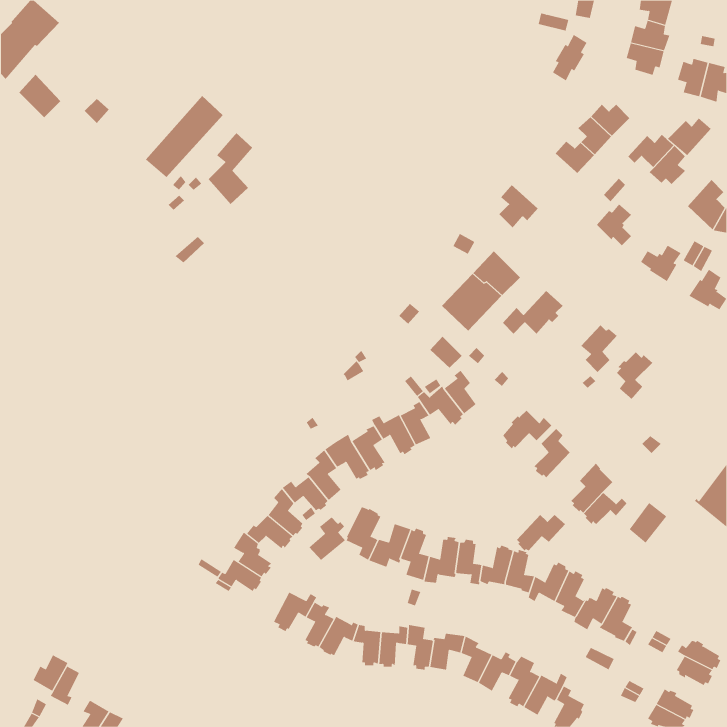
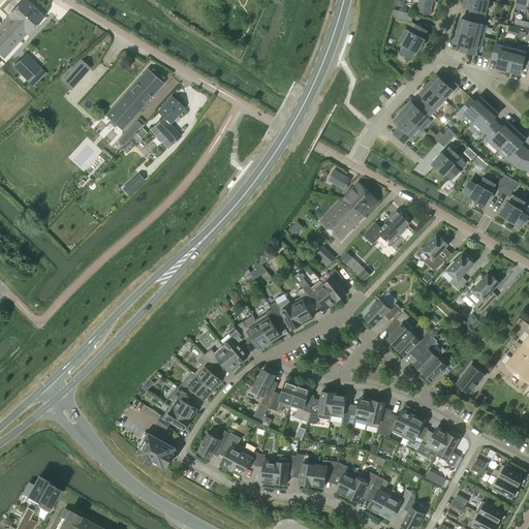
building: [667,117,711,156] -> [485,122,517,150]
building: [499,184,538,228] -> [394,112,423,144]
building: none -> [472,274,499,313]
building: [516,514,566,551] -> [397,329,433,355]
building: [309,516,346,561] -> none
building: none -> [138,433,175,467]

